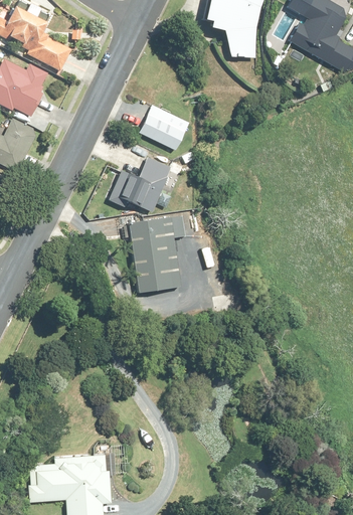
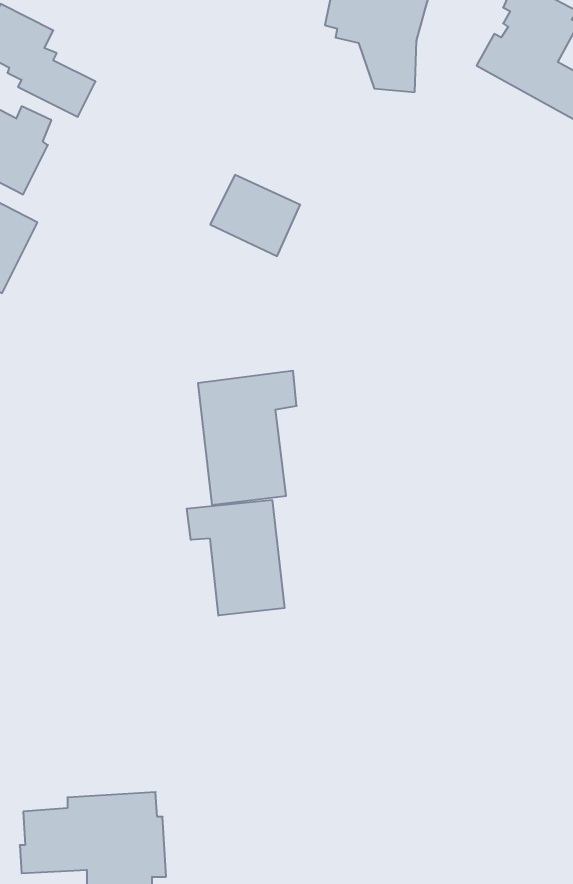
building: [110,150,182,209] -> none
building: none -> [187,500,285,616]

